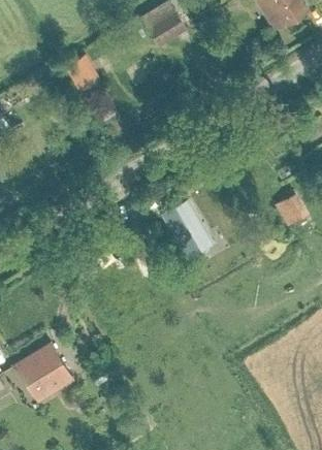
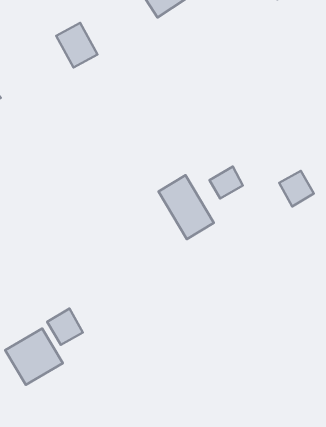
building: none -> [210,166,243,198]
building: none -> [47,308,83,345]

